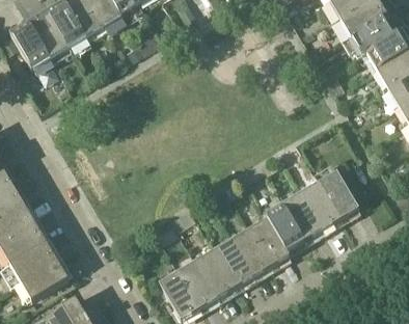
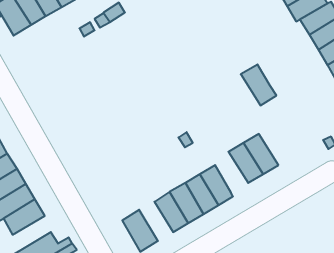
building: [320,173,361,221] -> [241,64,276,105]
building: [266,206,307,253] -> none
building: [181,264,220,309] -> none

